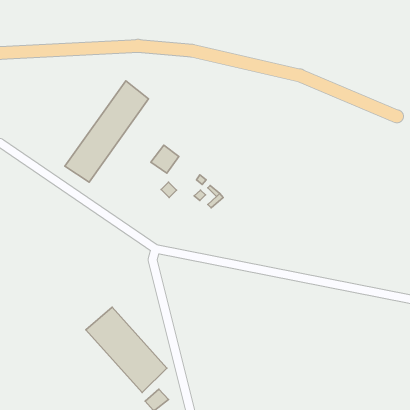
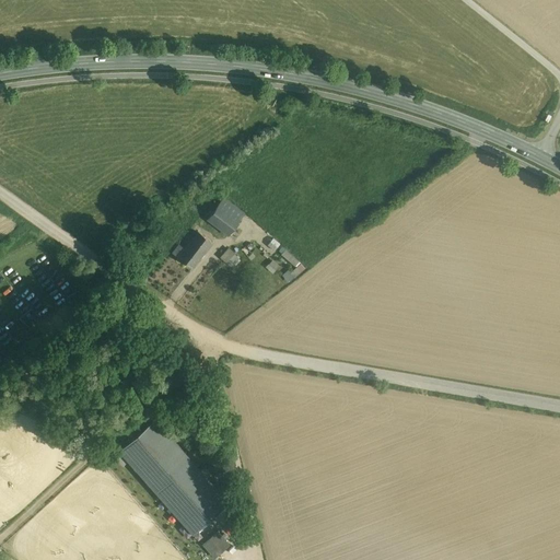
building: [65,81,148,182] -> none
building: none -> [171,231,213,269]

